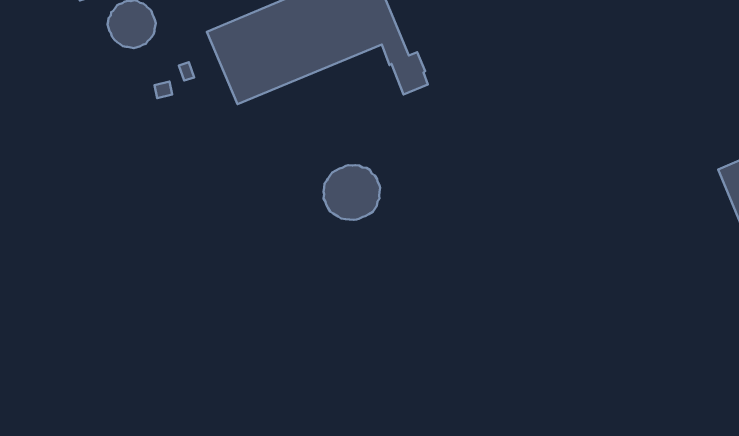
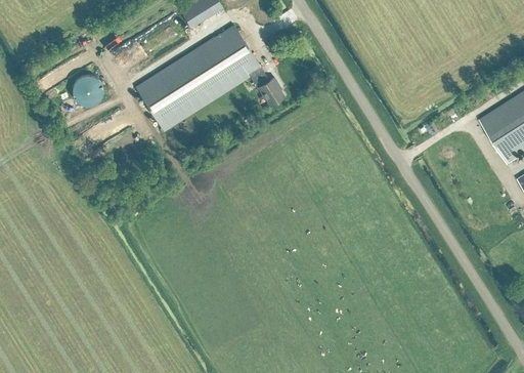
building: [323,165,380,220] -> none

